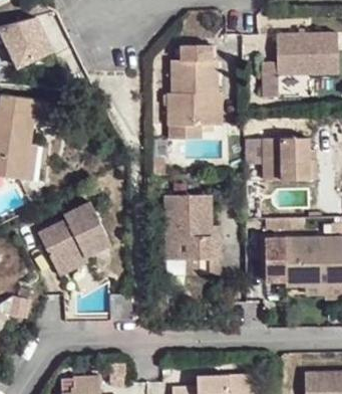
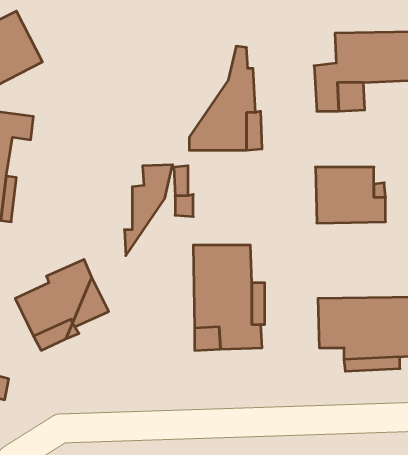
building: [165,42,203,113] -> [124,165,173,256]

